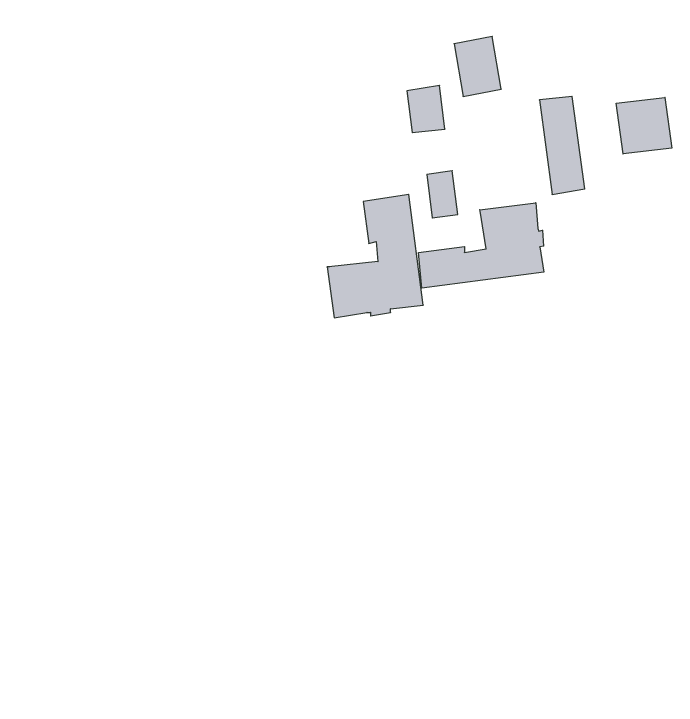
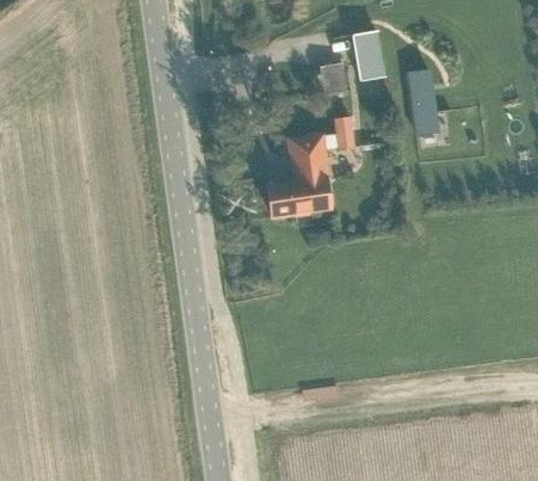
building: [616,97,672,154] -> none
building: [419,203,544,288] -> none

